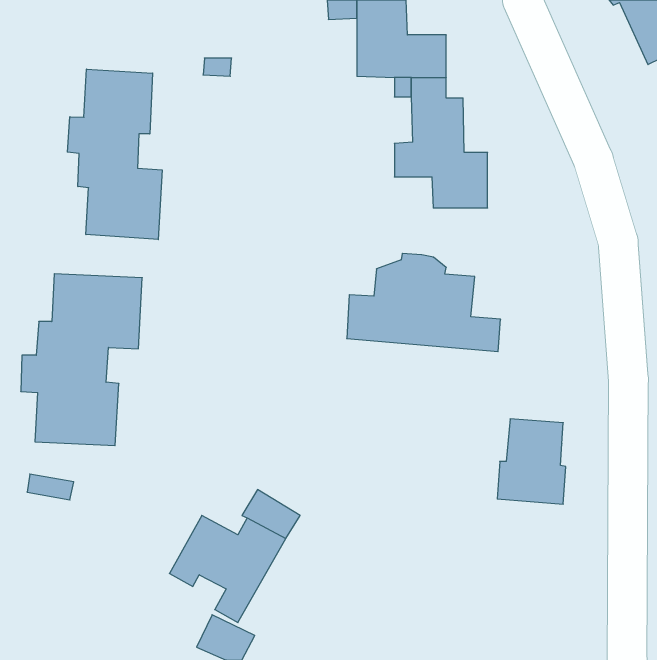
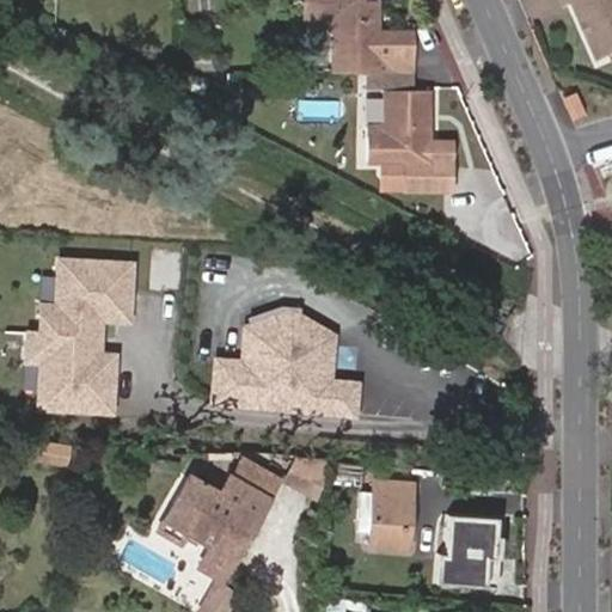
building: [67,69,162,240] -> none
building: [347,253,501,352] -> [215,323,357,414]
building: [497,419,566,504] -> [437,508,501,587]
building: none -> [371,484,415,546]

